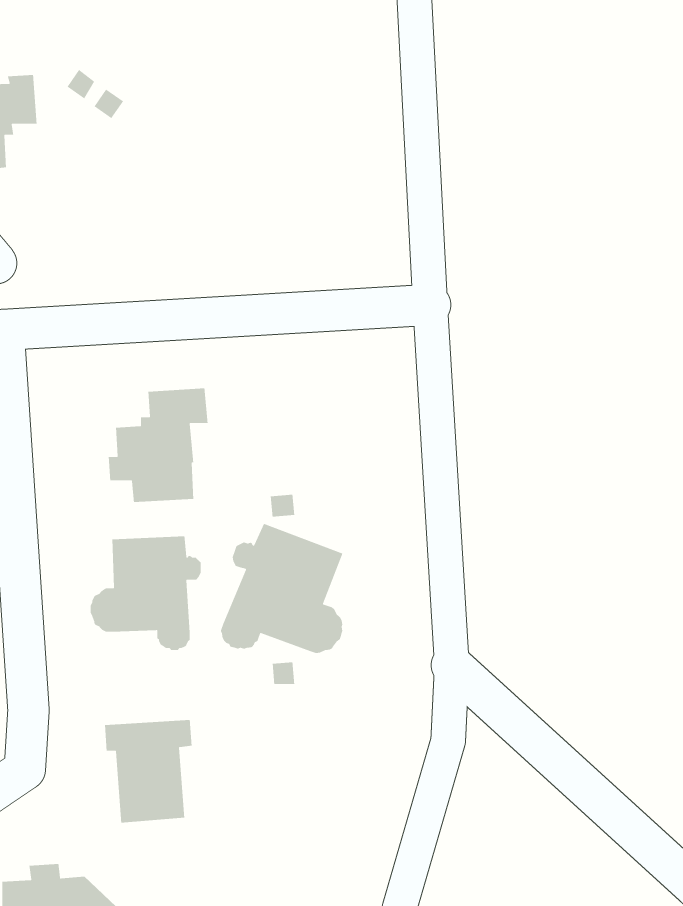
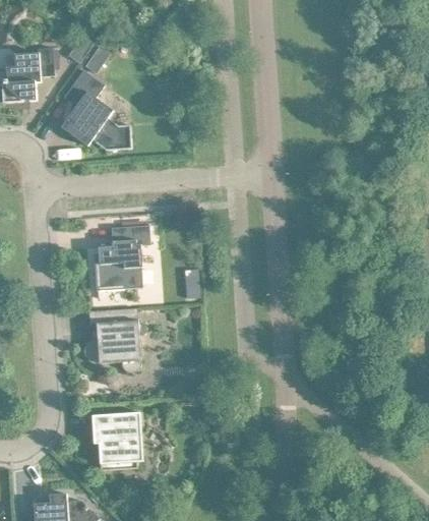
building: none -> [60,69,130,150]
building: [220,523,343,654] -> none

